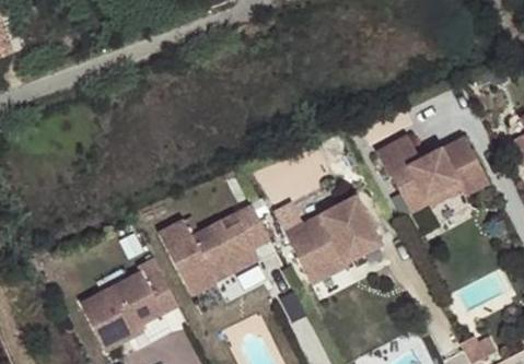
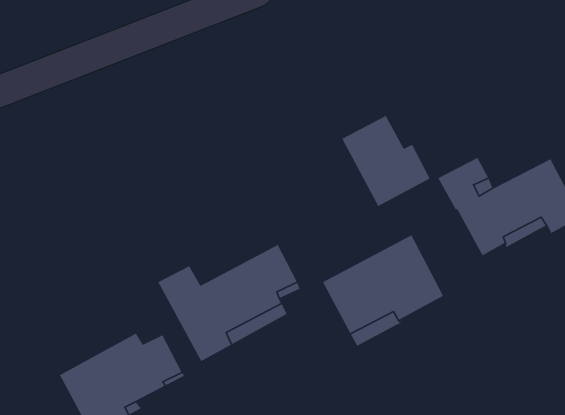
building: none -> [341,115,431,207]

